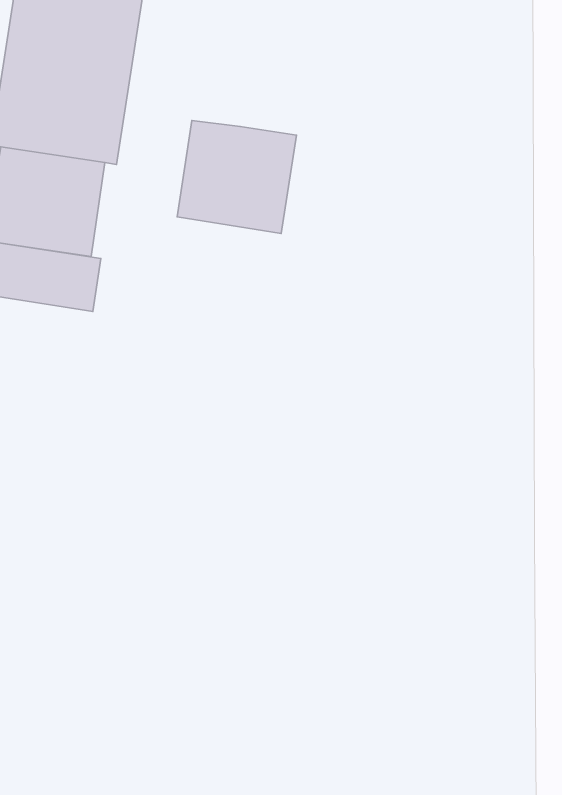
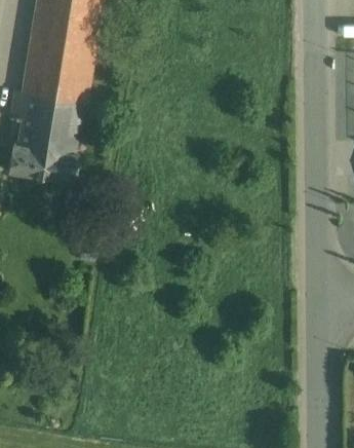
building: [177,120,297,233] -> none

